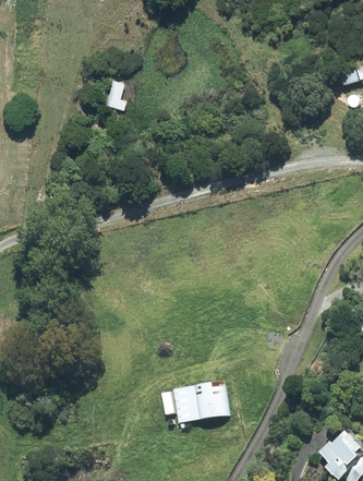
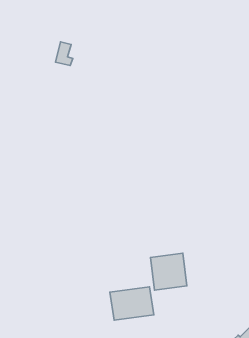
building: none -> [151,253,187,290]

